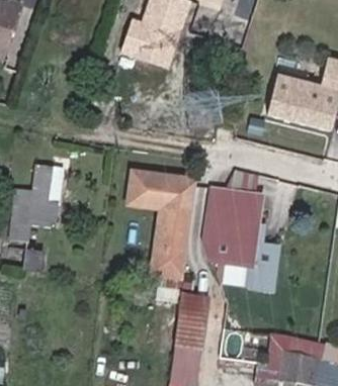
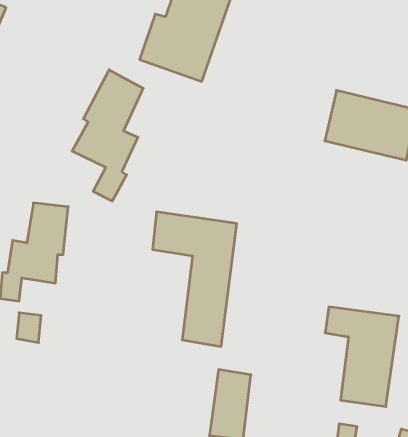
building: none -> [72,70,143,201]
building: [204,186,262,264] -> [325,307,399,407]

